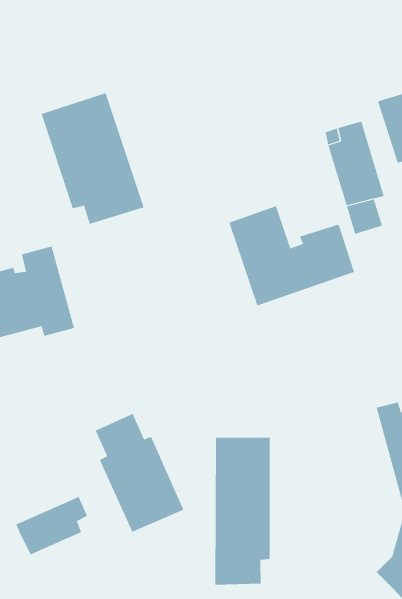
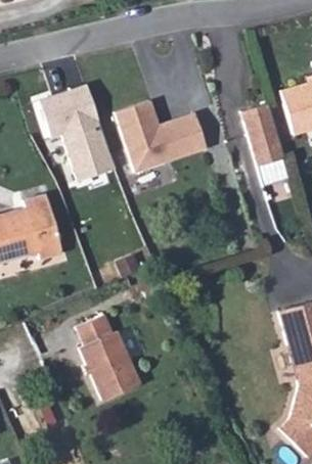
building: [228,205,355,306] -> [116,100,207,173]
building: [215,437,270,586] -> none
building: [15,496,88,555] -> none

